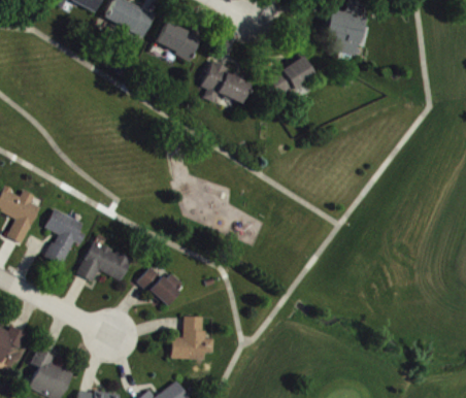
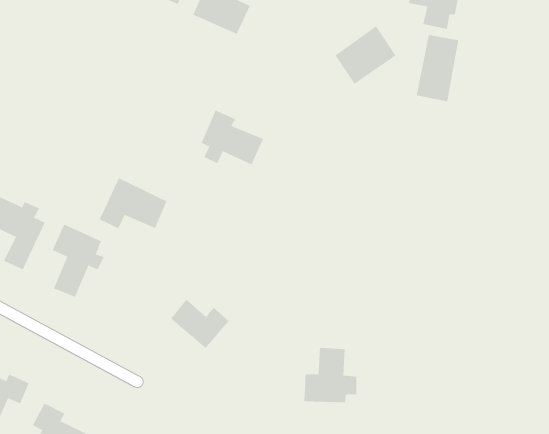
building: none -> [416,34,459,102]
building: [201,61,251,104] -> [201,110,264,165]
building: [78,241,132,281] -> [99,177,167,229]
building: [172,317,214,360] -> [303,348,357,403]

